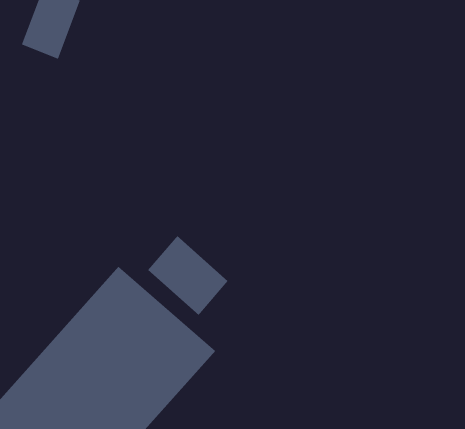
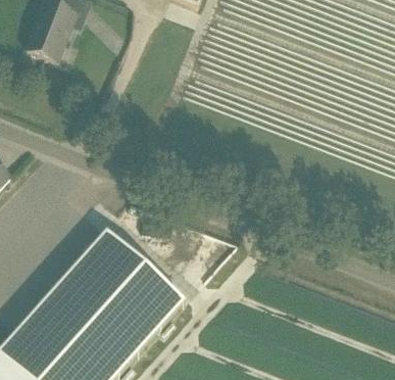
building: [147,235,229,316] -> none

